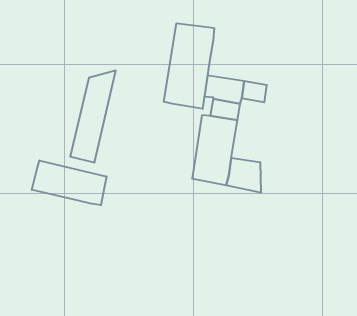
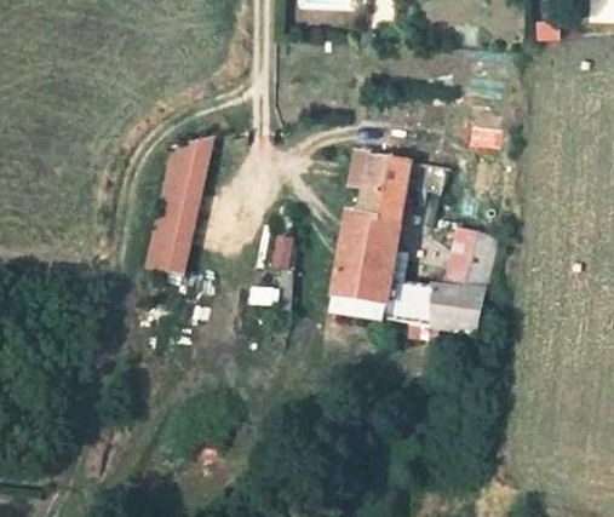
building: [164,23,214,109] -> none
building: none -> [431,226,494,335]
building: [32,160,107,205] -> none

